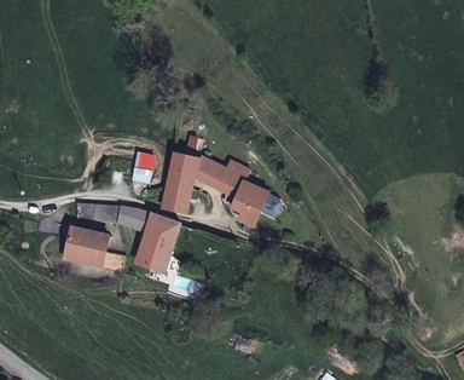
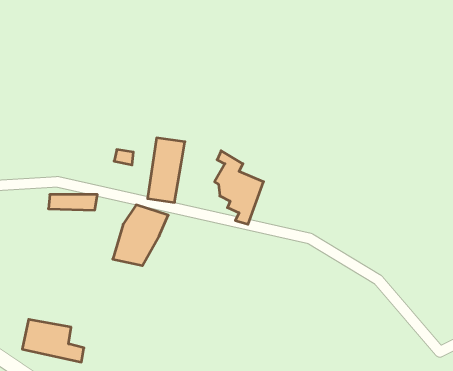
building: [195,156,236,194] -> none
building: [114,206,152,234] -> none
building: [62,234,120,274] -> [22,319,84,362]

